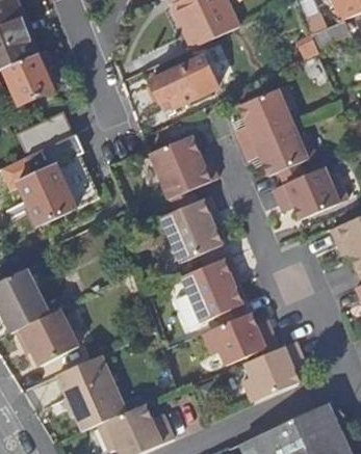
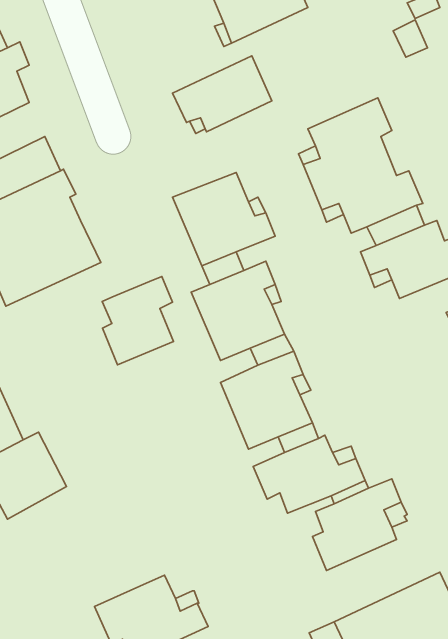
building: none -> [102,276,173,365]
building: [55,354,126,432] -> none

